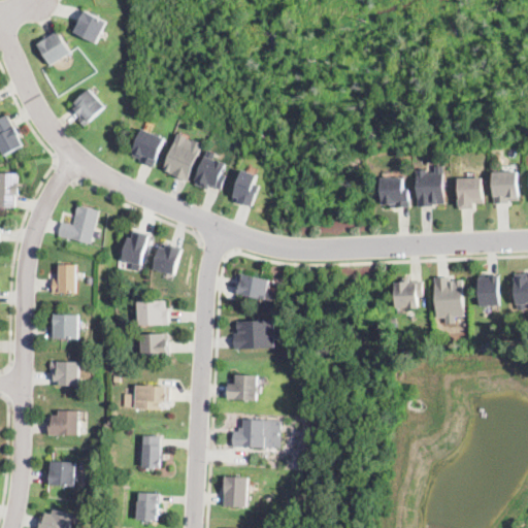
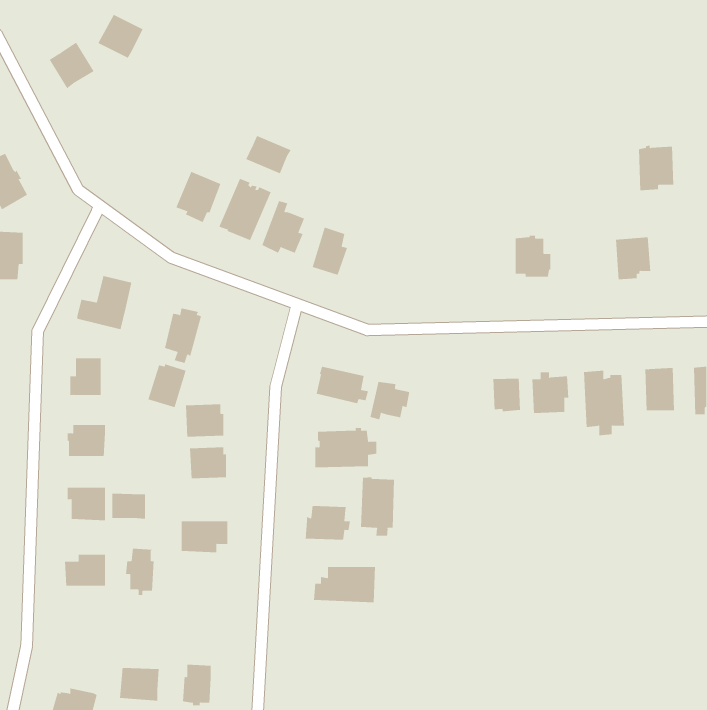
building: [68,90,104,128] -> none
building: none -> [246,135,291,174]
building: [416,165,443,206] -> none
building: [491,169,518,203] -> [638,145,674,191]
building: [153,241,182,274] -> [147,363,186,408]
building: none -> [493,378,521,412]
building: none -> [370,381,410,420]
building: none -> [360,477,395,537]
building: none -> [112,493,146,520]
building: [138,436,160,471] -> [125,548,154,595]
building: [45,463,75,488] -> [119,668,160,701]
building: [222,477,246,508] -> none

